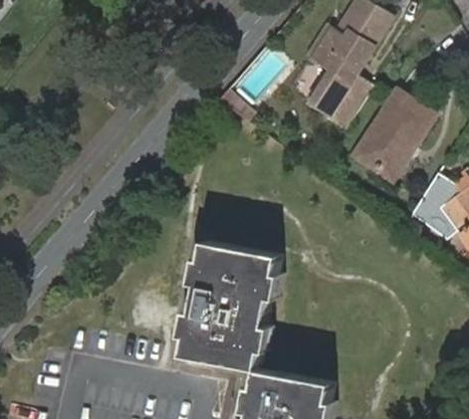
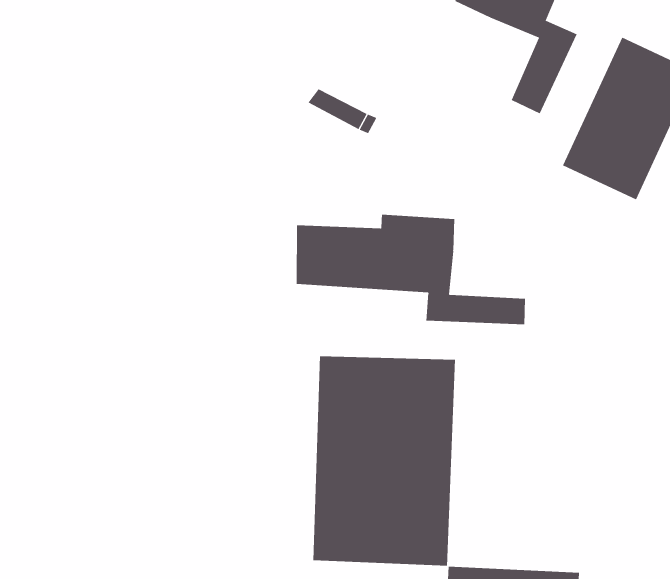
building: [300,70,346,131] -> none
building: none -> [296,214,526,325]

